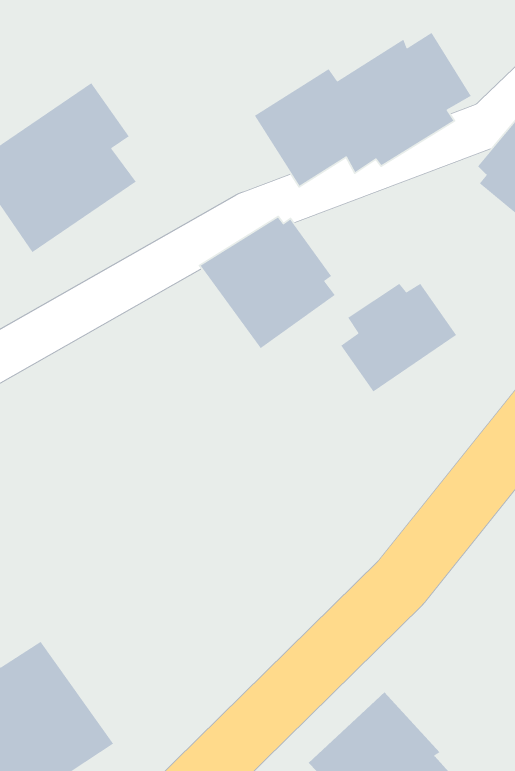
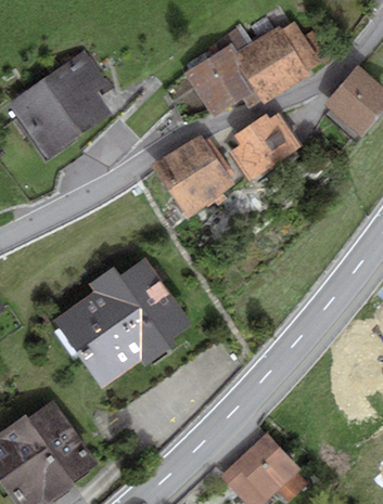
building: [340,283,457,393] -> [228,113,301,181]
building: none -> [51,257,192,388]

